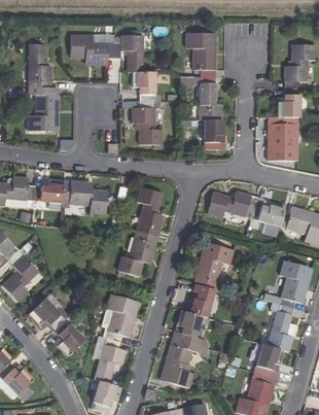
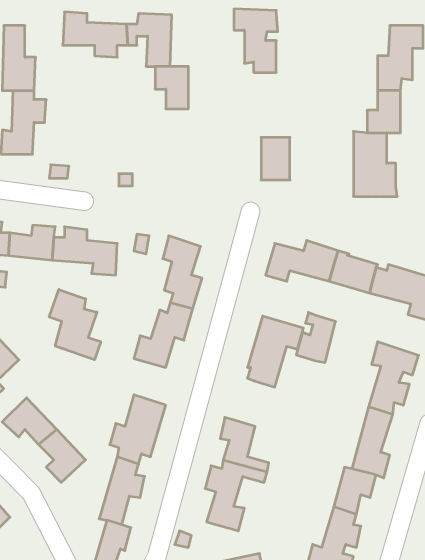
building: [192,75,222,119] -> none
building: [133,100,163,144] -> none
building: none -> [49,289,101,360]
building: [187,283,214,317] -> [296,312,336,362]

